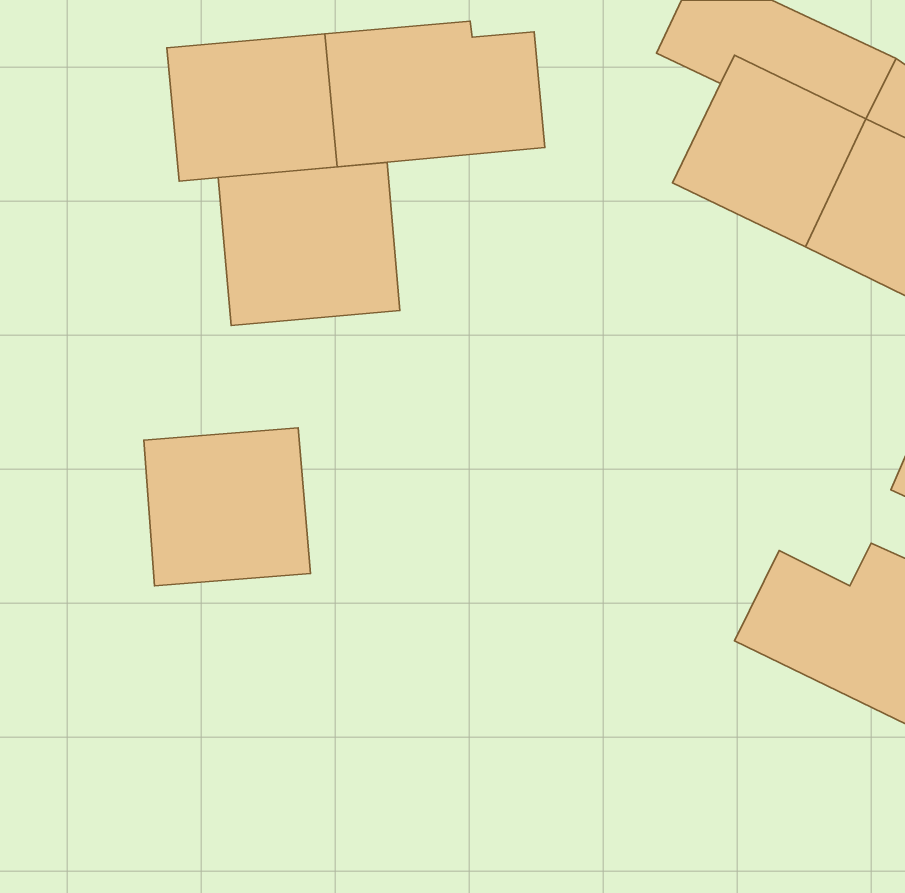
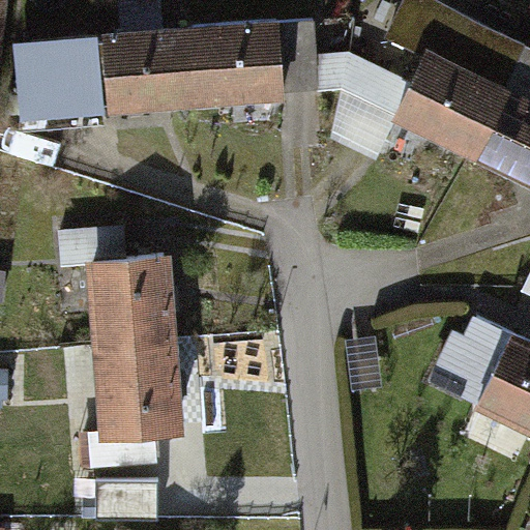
building: none -> [10,36,106,122]
building: [218,162,400,326] -> none
building: none -> [91,343,188,435]

